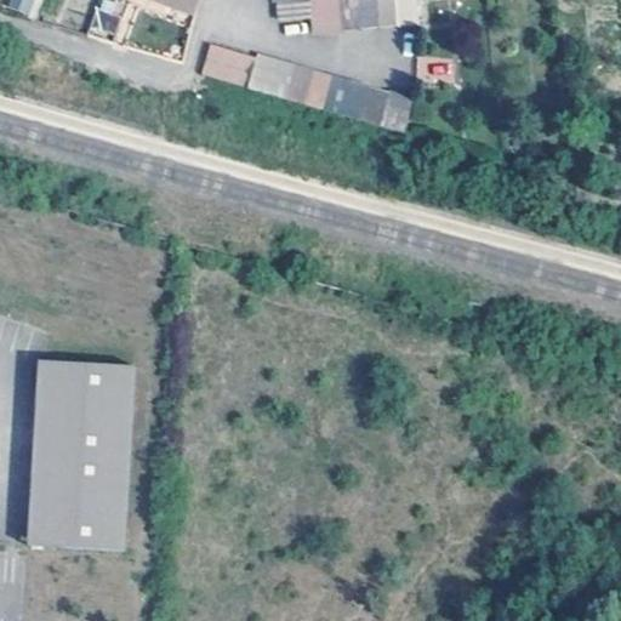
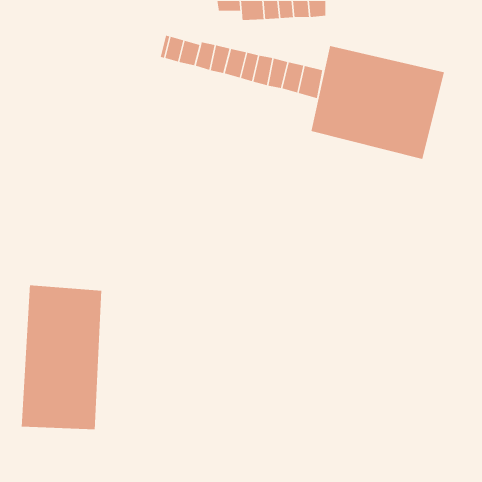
building: none -> [310,45,445,160]

